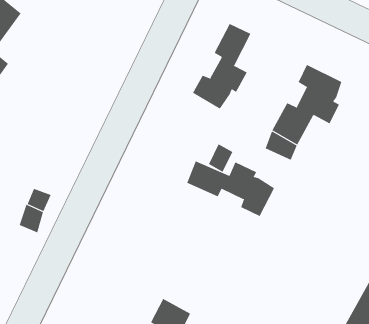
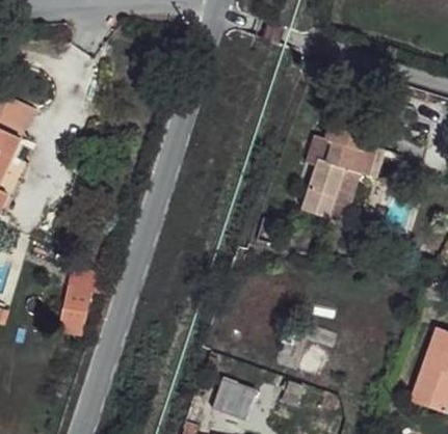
building: [192,23,251,109] -> none
building: [186,160,275,217] -> none

